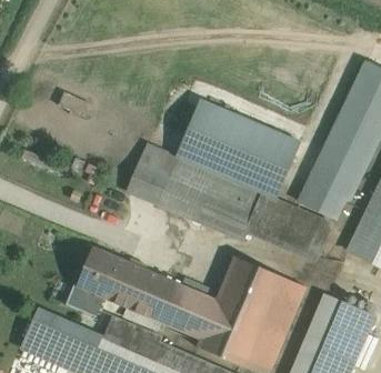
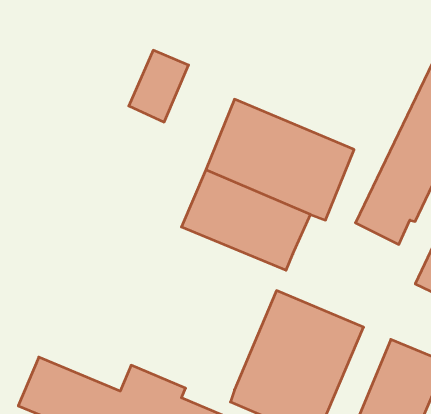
building: [128,145,177,204] -> [129,50,189,122]
building: [248,194,331,255] -> none
building: [64,249,215,337] -> none

